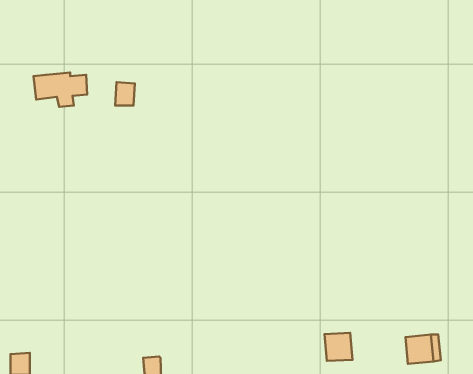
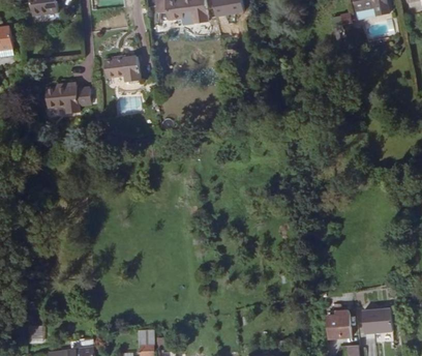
building: none -> [106,58,141,84]
building: [325,333,353,361] -> [327,314,351,337]

